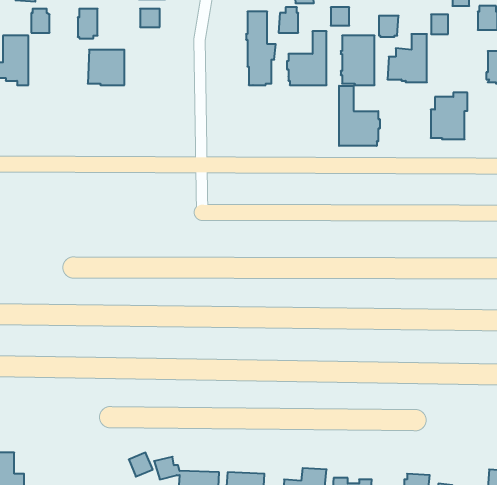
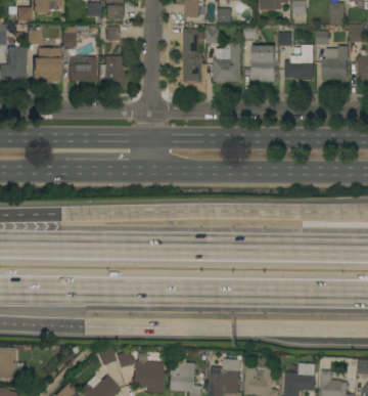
building: none -> [32,48,58,83]
building: none -> [98,55,122,85]
building: [339,86,380,146] -> none
building: [431,93,467,139] -> [322,46,349,80]

